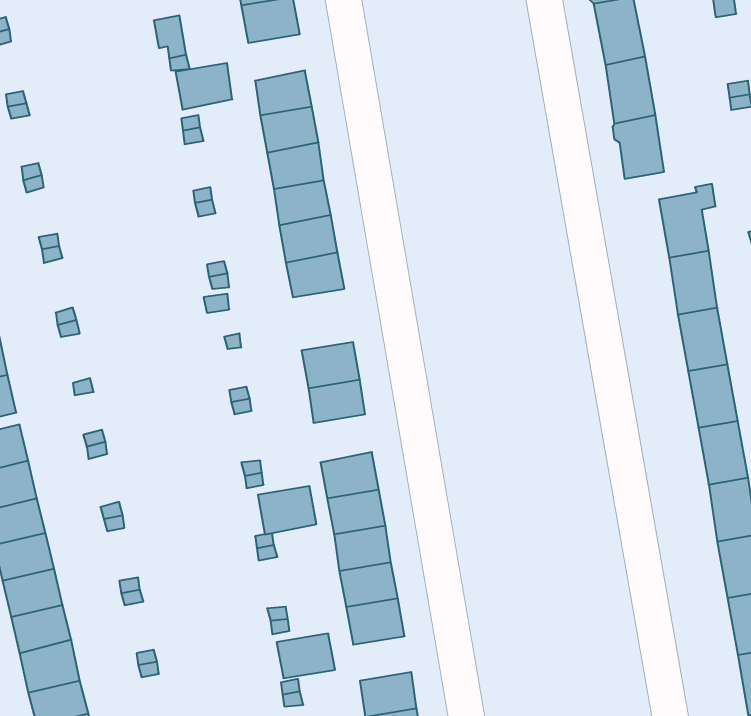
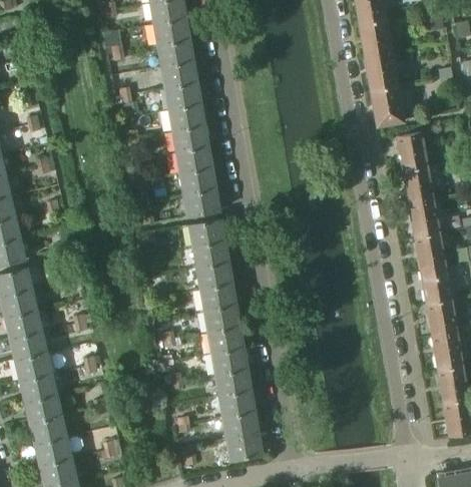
building: [176,63,232,110] -> [159,40,192,67]
building: none -> [185,188,219,216]
building: [258,486,316,534] -> [197,262,231,290]
building: [277,634,335,678] -> [220,391,255,417]

